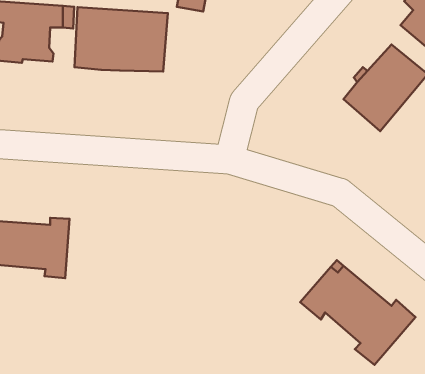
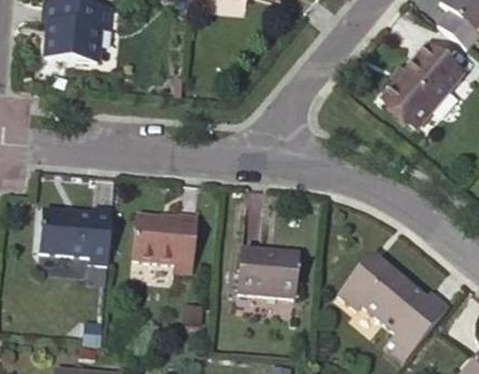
building: [75,7,168,71] -> none
building: none -> [135,217,198,274]
building: none -> [239,250,301,299]

